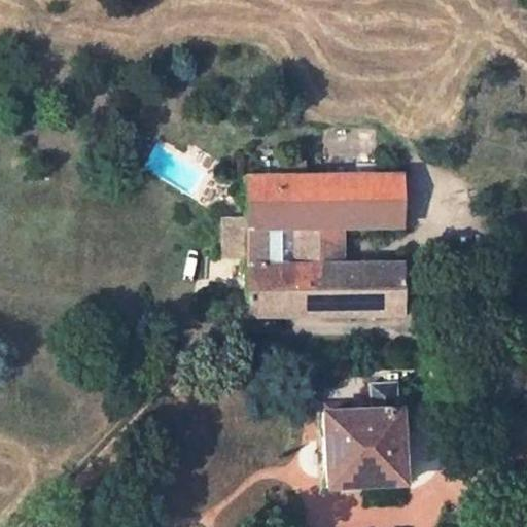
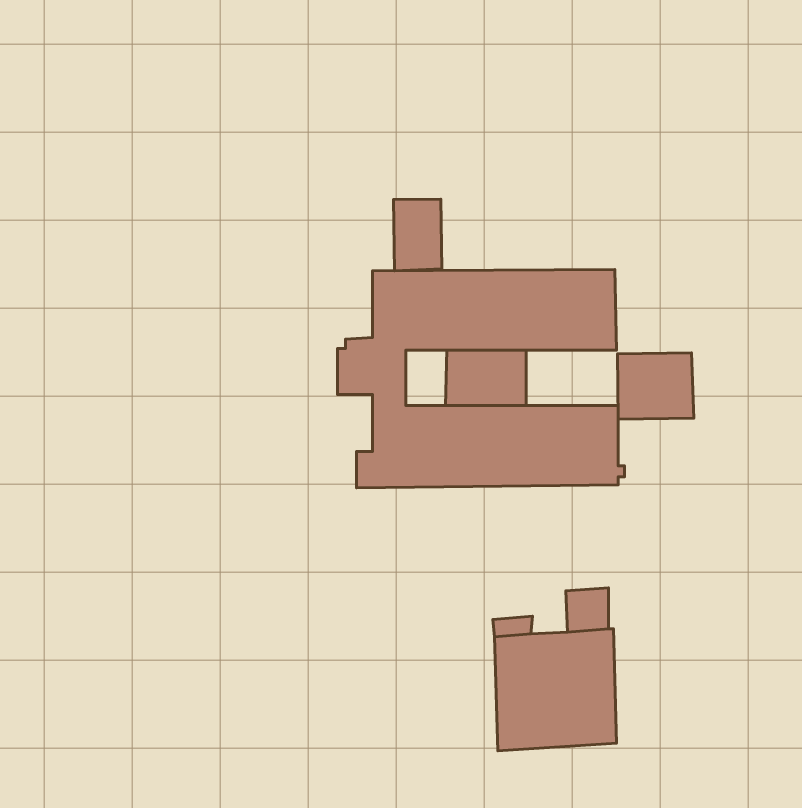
building: none -> [393,199,442,271]
building: none -> [618,353,694,419]

